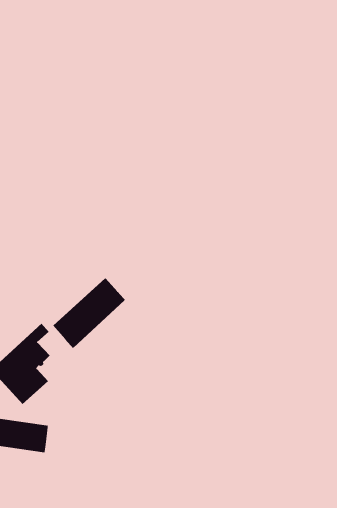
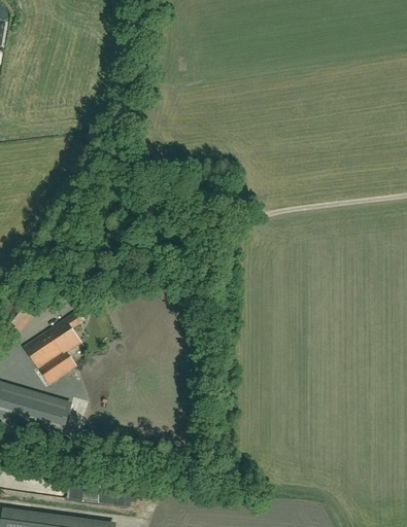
building: [50,275,127,349] -> none

